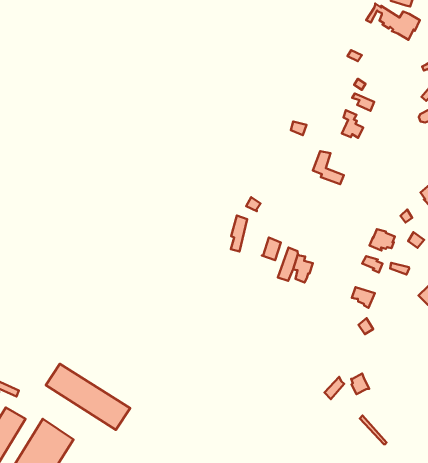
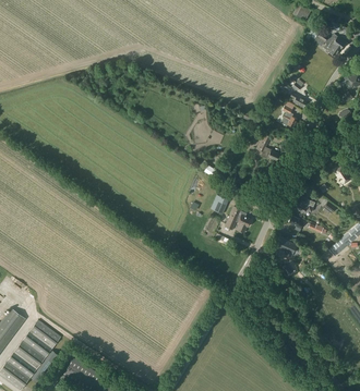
building: [46,364,130,430] -> none

